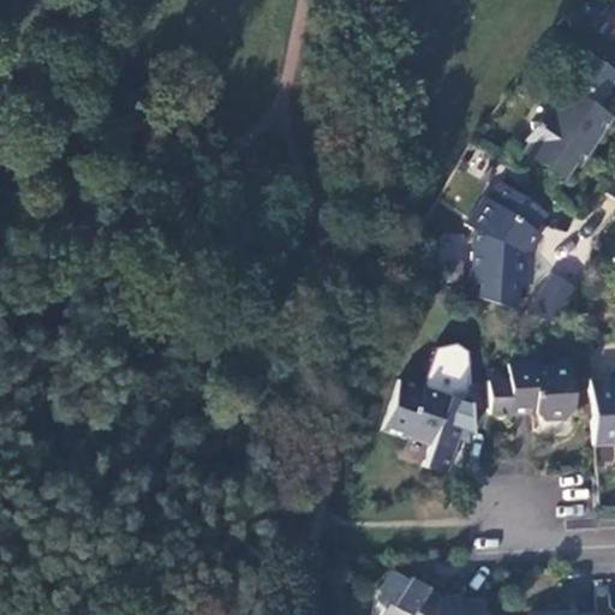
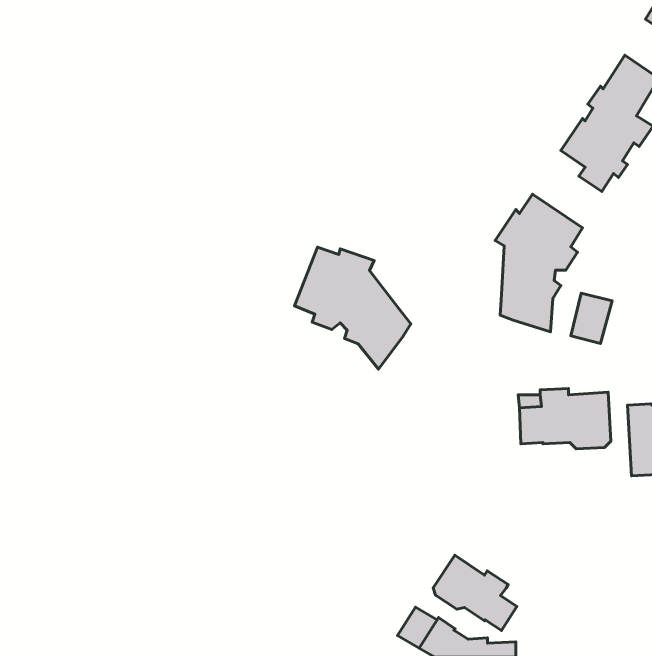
building: none -> [295,247,411,369]
building: [384,346,474,474] -> none
building: none -> [433,555,517,631]

